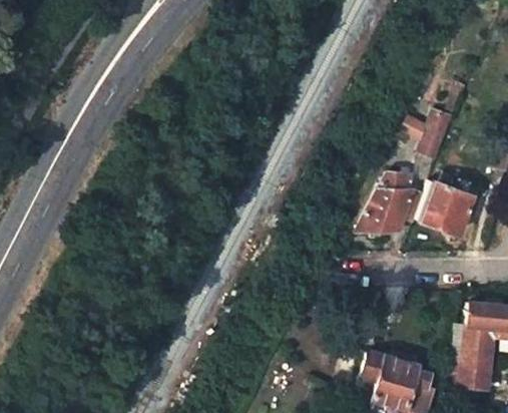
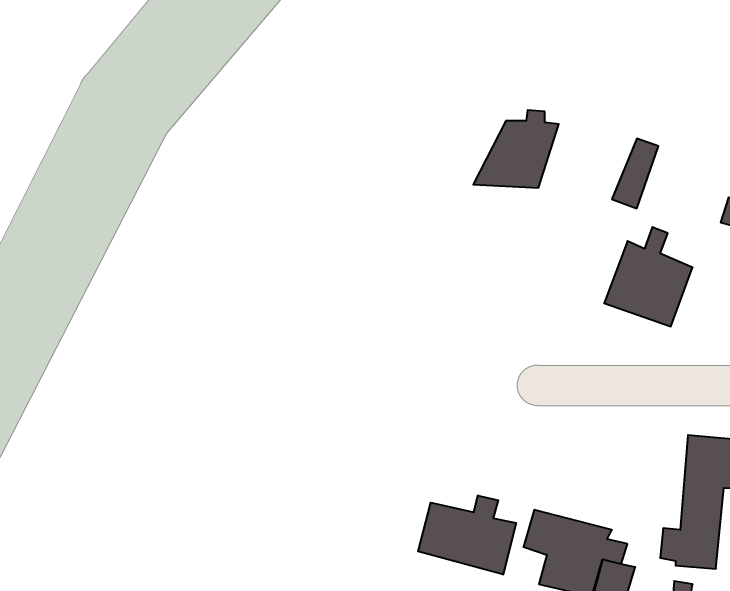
building: [358,181,413,232] -> [473,110,559,188]
building: none -> [418,495,516,575]

